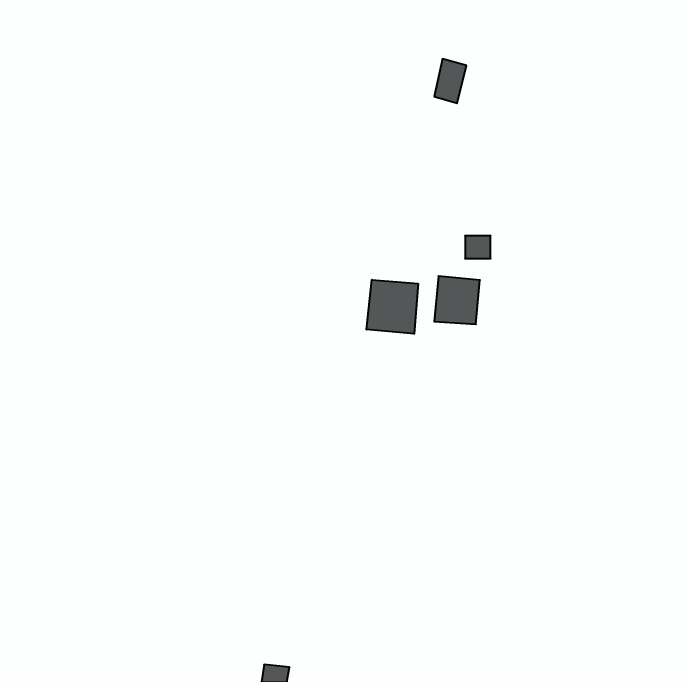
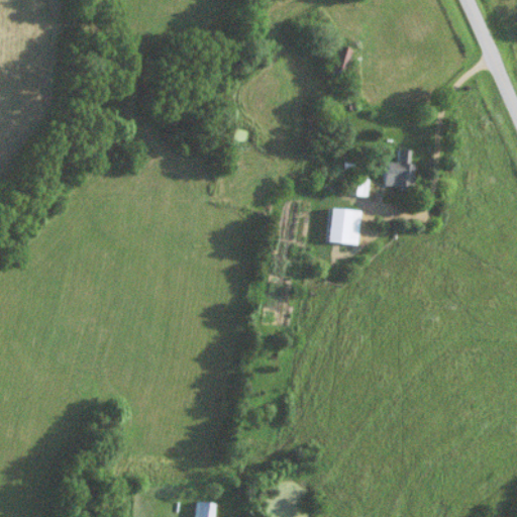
building: none -> [386,149,414,186]
building: [367,280,418,334] -> none

